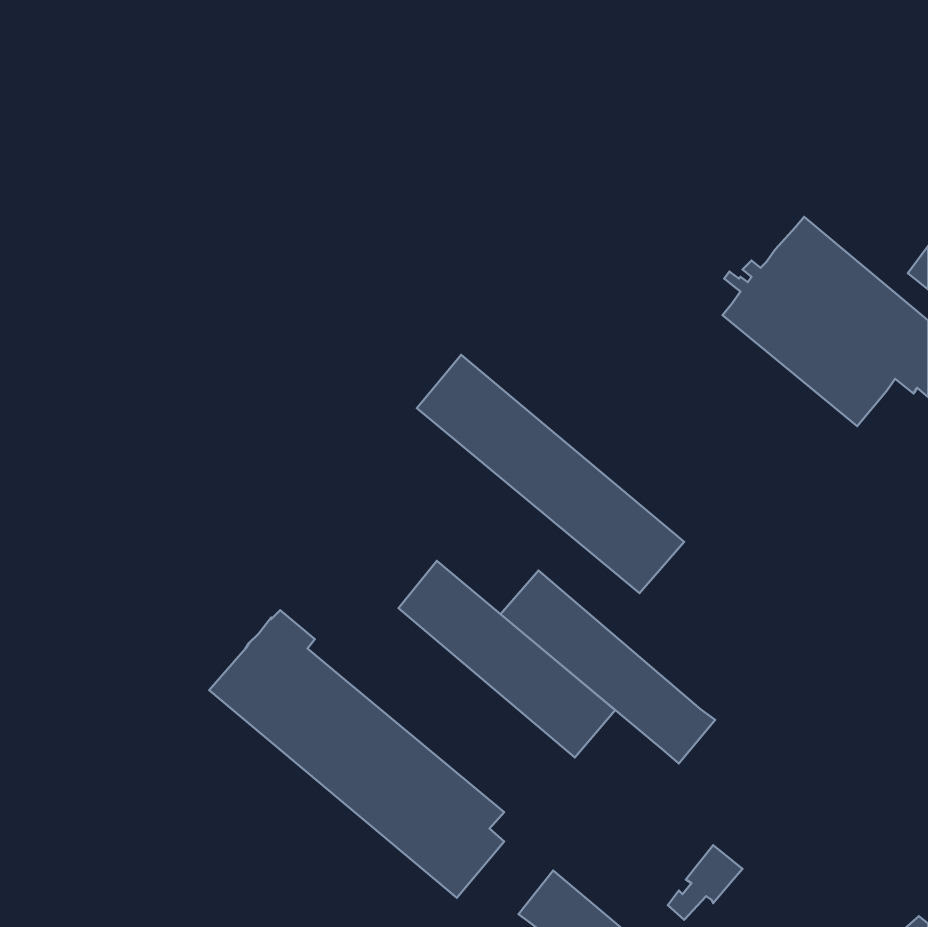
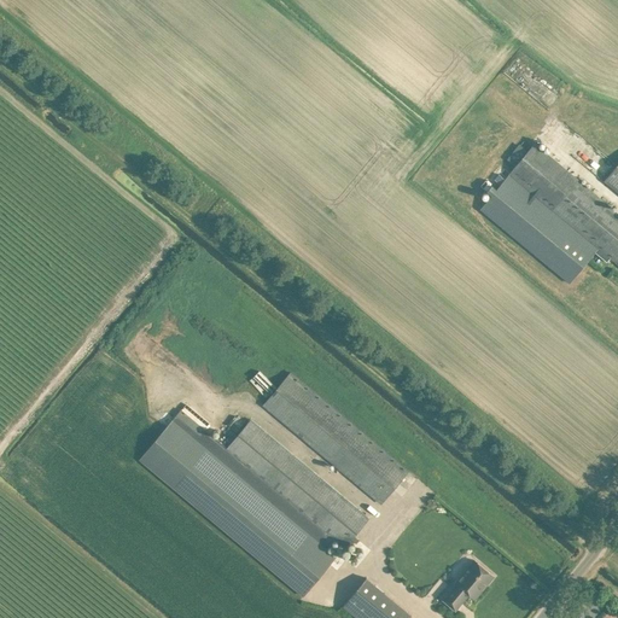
building: [417,355,684,593] -> none
building: [500,571,715,764] -> [226,421,368,549]

